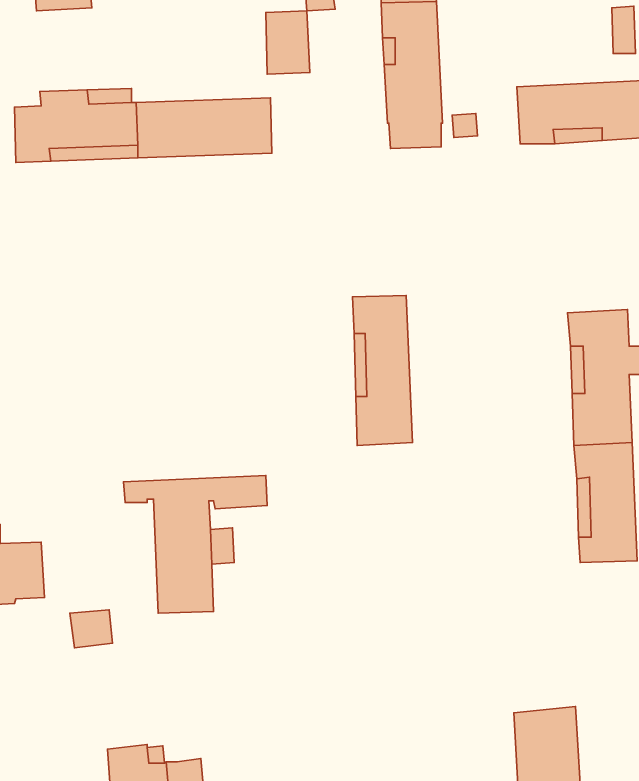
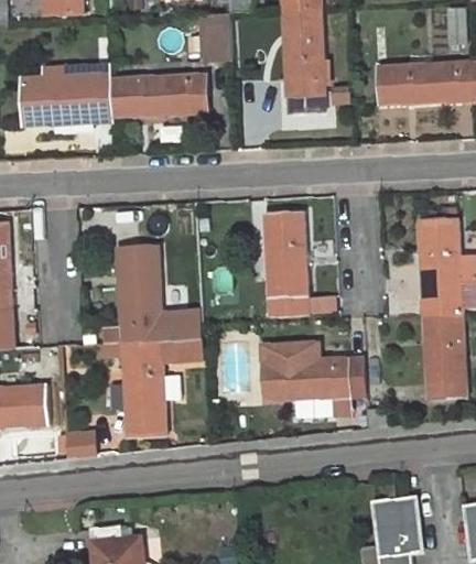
building: none -> [104,246,203,341]
building: none -> [258,341,360,415]

